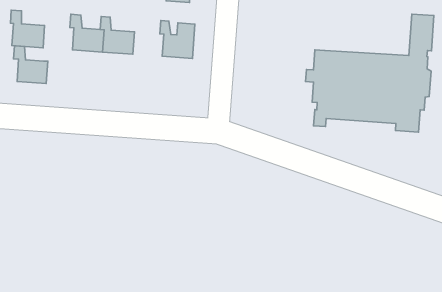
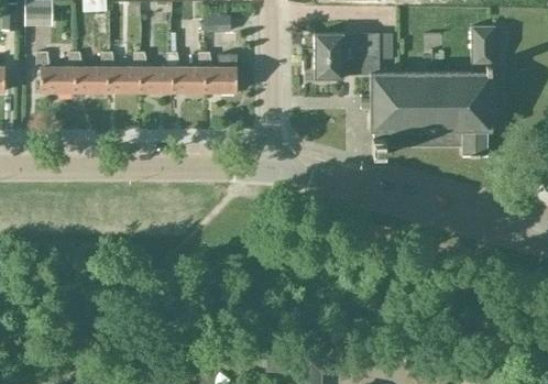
building: none -> [315,34,393,79]
building: none -> [166,54,204,92]
building: [14,46,48,83] -> [68,54,106,92]

